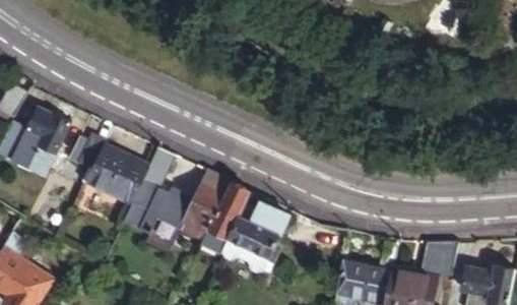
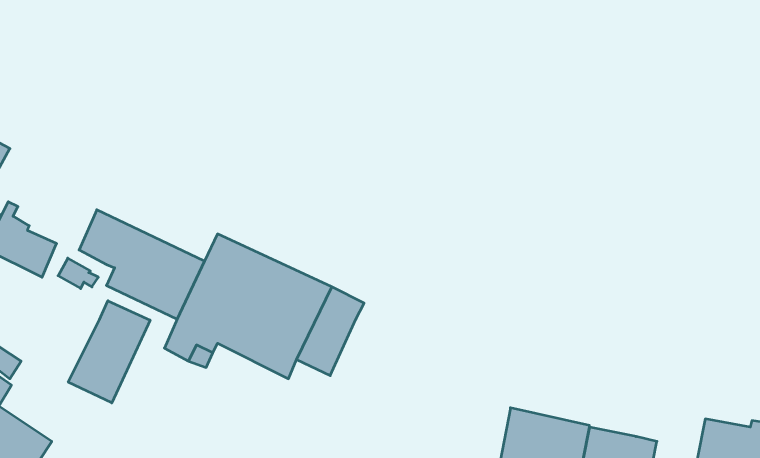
building: [25,107,70,155] -> none
building: none -> [68,301,150,403]
building: [221,202,288,271] -> none
building: [422,242,459,280] -> none

